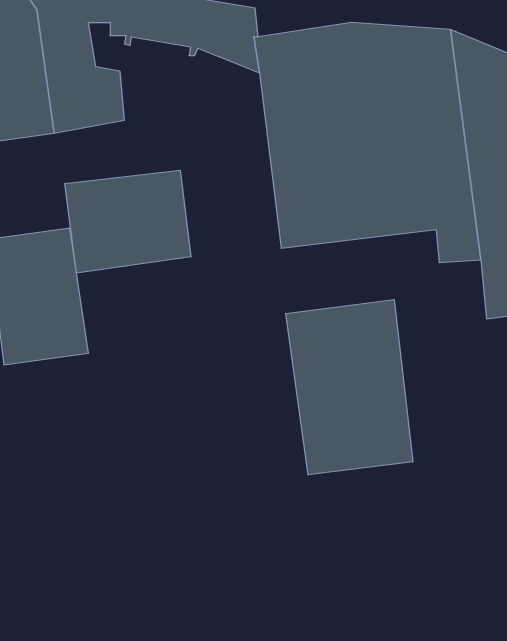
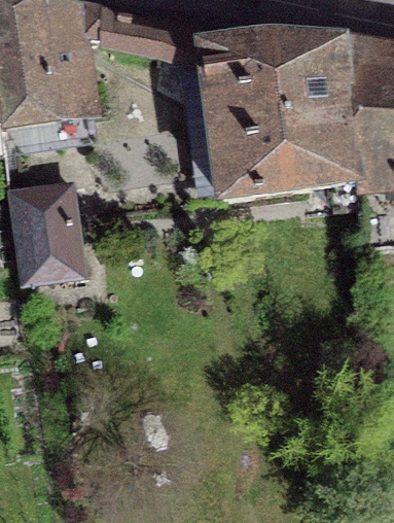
building: [65,170,191,273] -> none
building: [286,299,413,475] -> none

